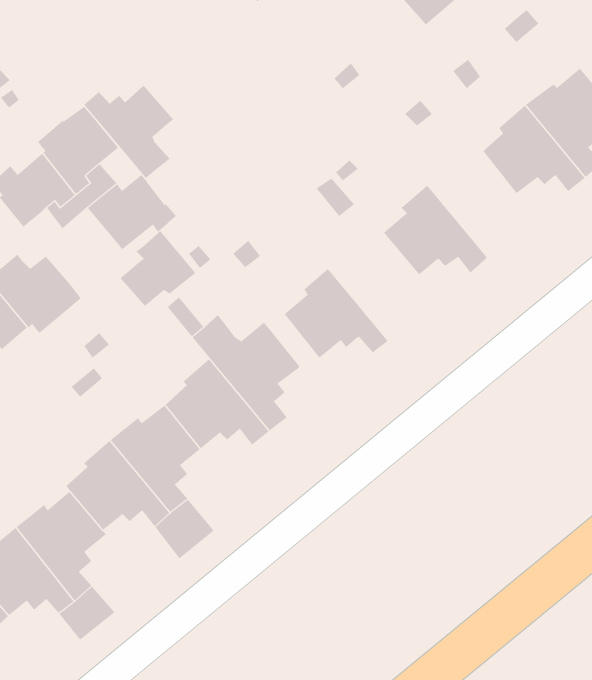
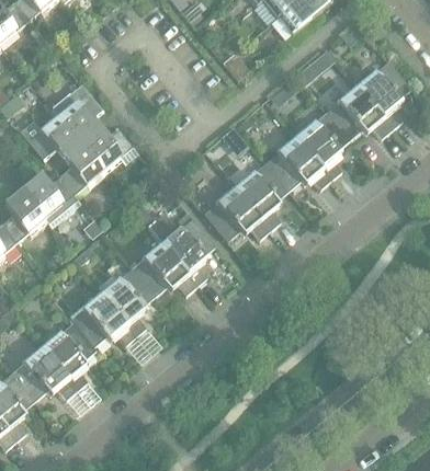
building: [83,86,174,179] -> none
building: none -> [293,112,348,177]
building: [120,230,196,306] -> [57,147,104,194]
building: none -> [231,162,287,229]

